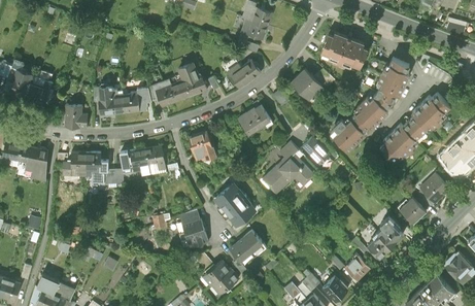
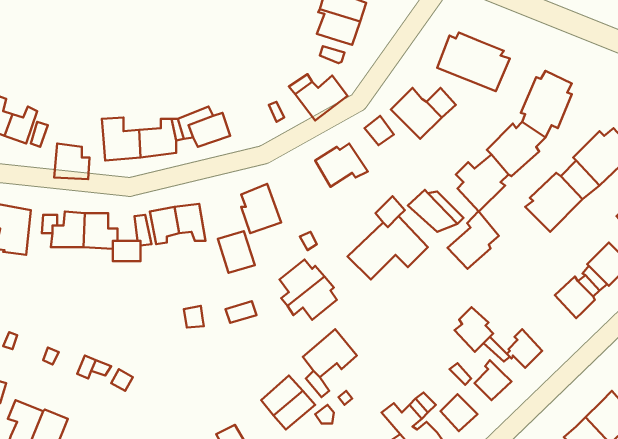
building: [177,66,206,102] -> none
building: none -> [447,211,499,269]
building: [377,215,403,245] -> [455,307,493,352]
building: [182,222,207,249] -> [218,231,255,273]

